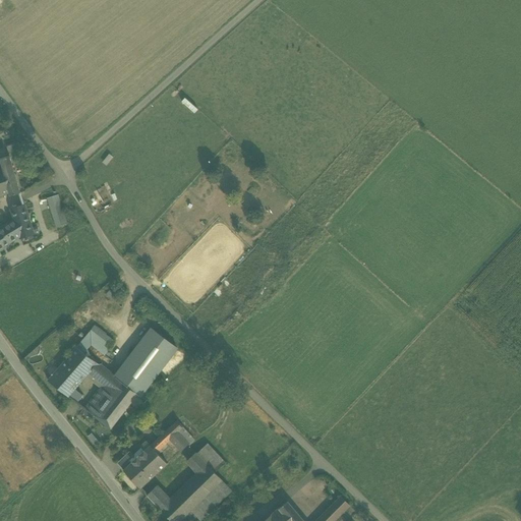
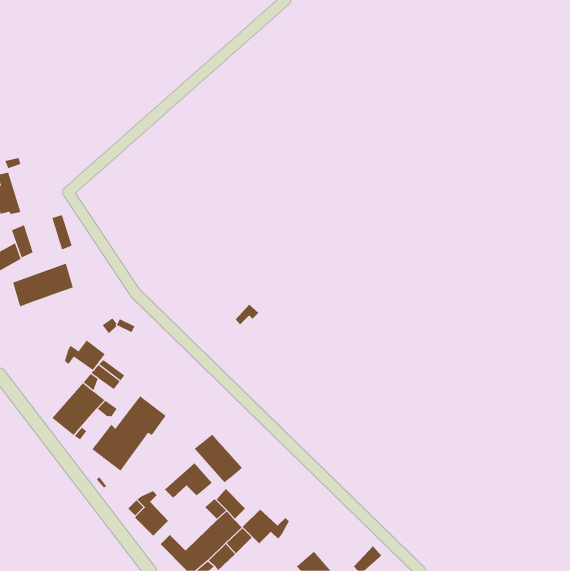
building: none -> [12,263,73,307]
building: none -> [64,340,105,371]
building: [127,330,175,379] -> none
building: none -> [194,434,243,483]
building: [137,442,166,474] -> none
building: none -> [242,509,289,544]

